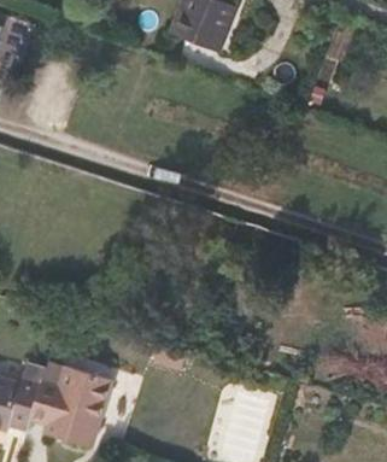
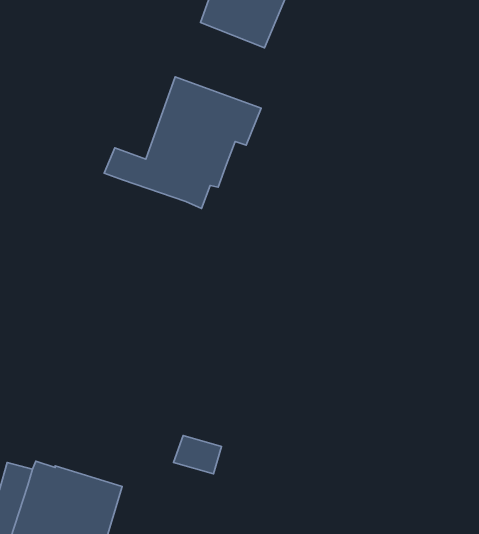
building: none -> [104,77,261,208]

